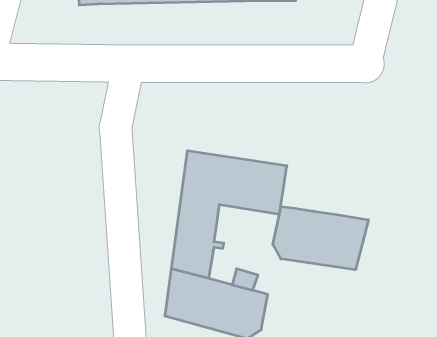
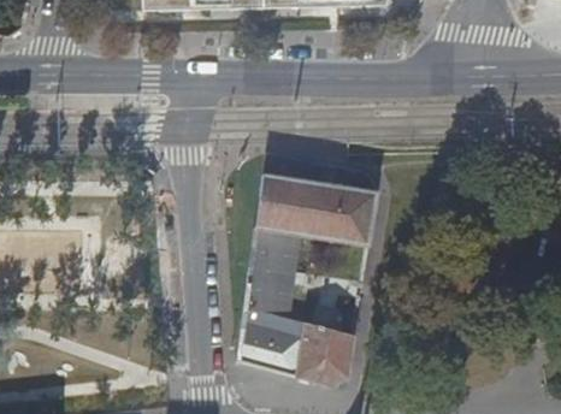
building: [273,206,368,270] -> none

